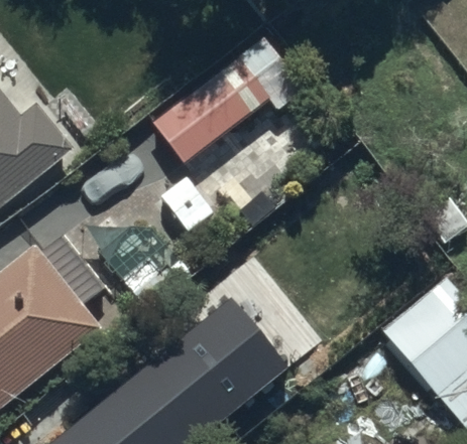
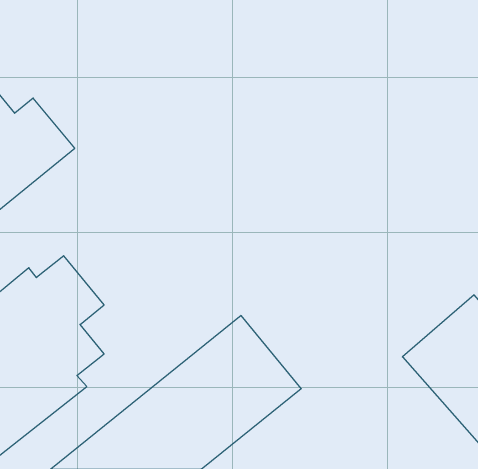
building: [143,39,303,170] -> none

